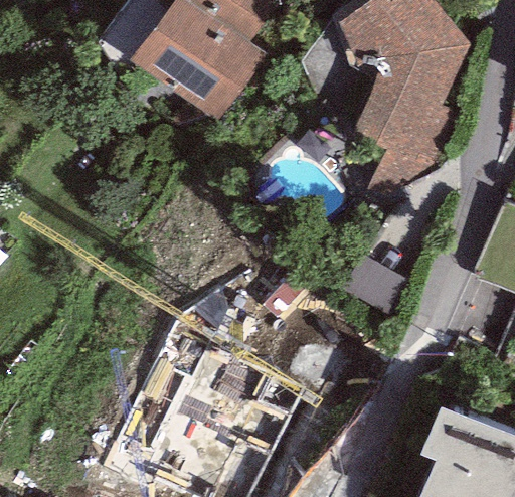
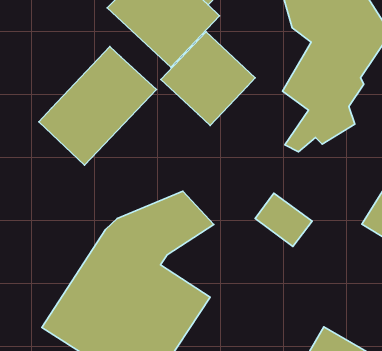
building: none -> [161,32,255,125]
building: none -> [39,46,157,165]

